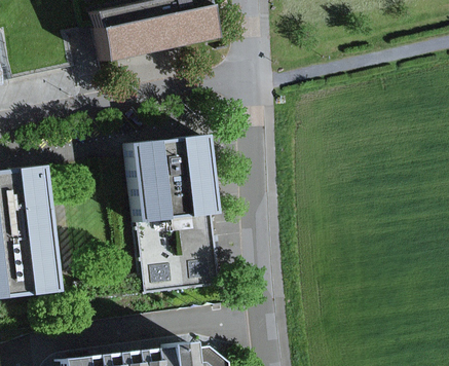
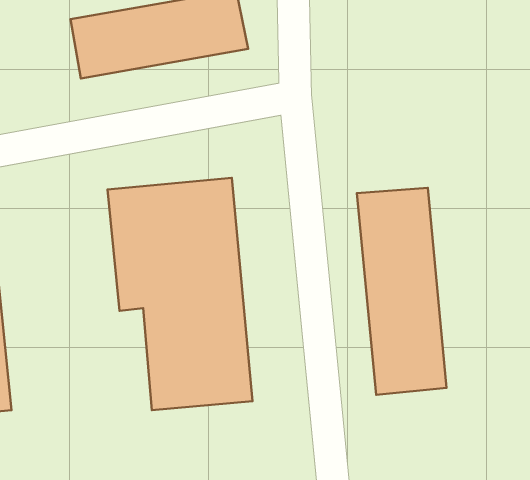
building: none -> [357,188,447,395]

